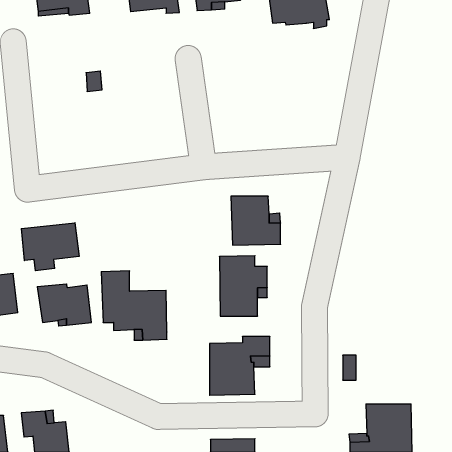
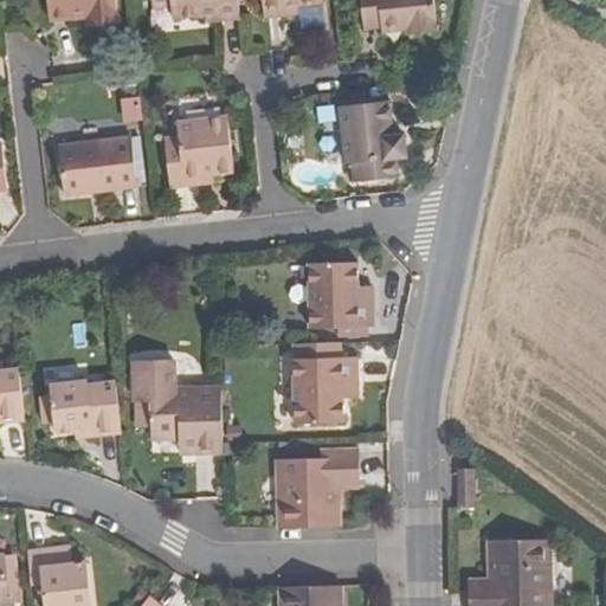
building: none -> [331,102,402,183]
building: none -> [165,120,228,189]
building: none -> [58,141,137,199]
building: [21,223,79,271] -> none

